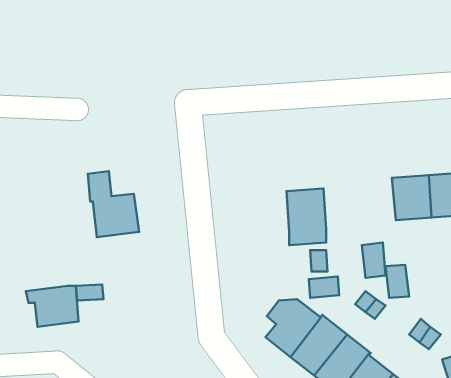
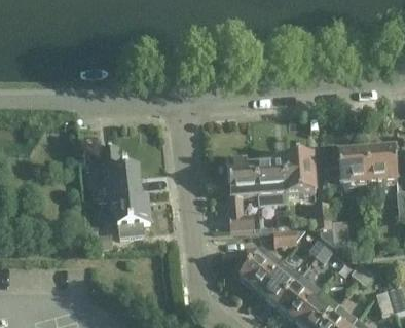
building: none -> [285,158,314,196]
building: none -> [228,161,258,233]
building: [26,286,78,327] -> [108,198,149,230]

